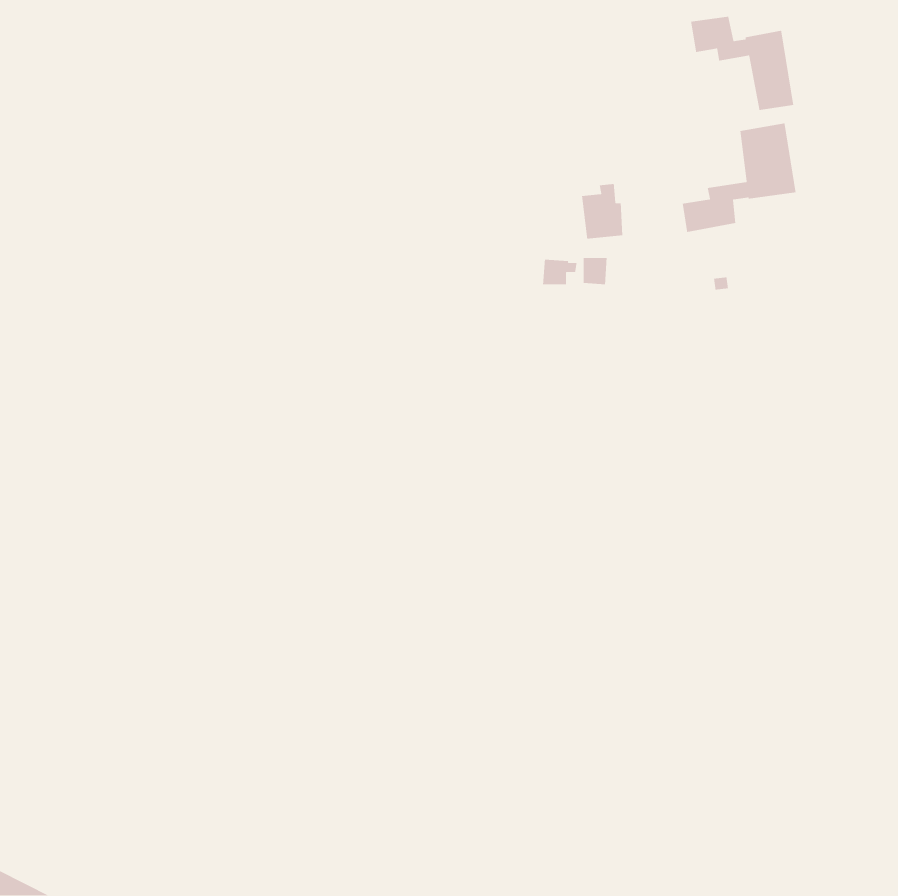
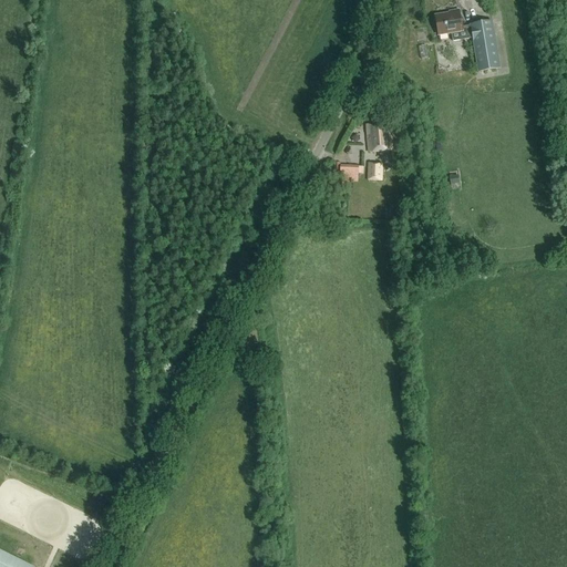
building: [682,123,797,233] -> none

